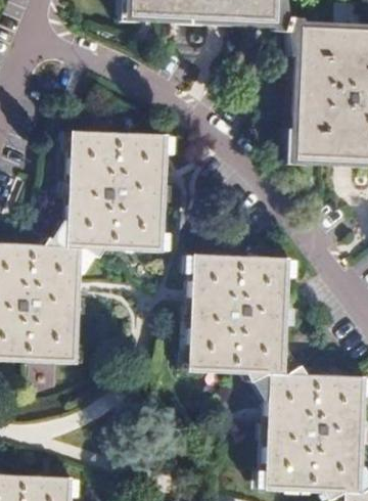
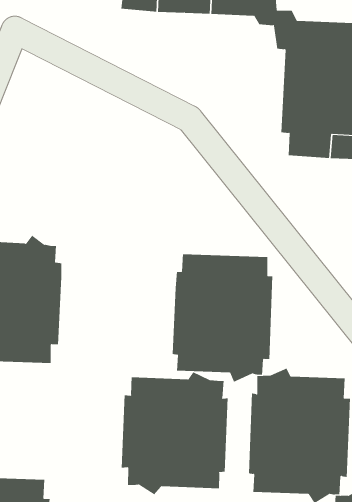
building: [66,132,166,257] -> none
building: none -> [121,372,228,495]

